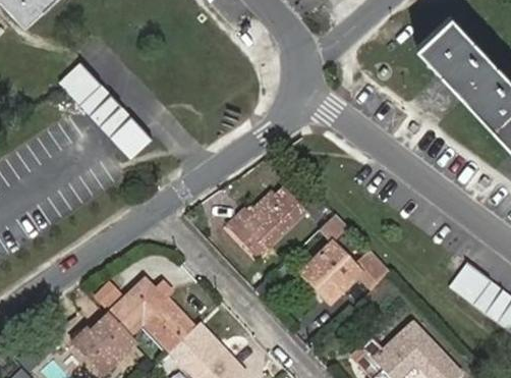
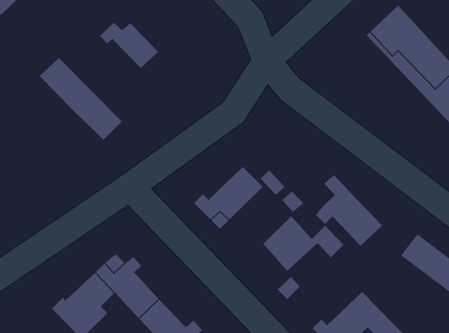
building: none -> [99,22,159,69]
building: none -> [315,174,383,246]

